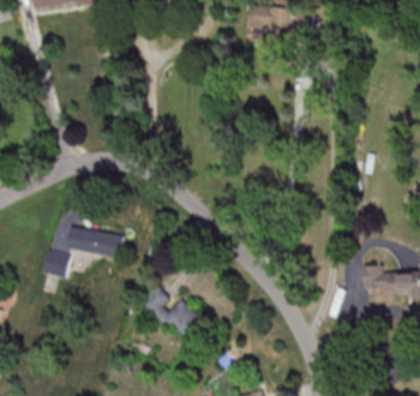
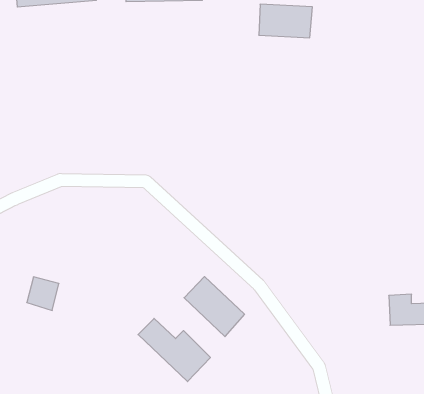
building: [66,226,124,257] -> none
building: none -> [184,277,244,337]

